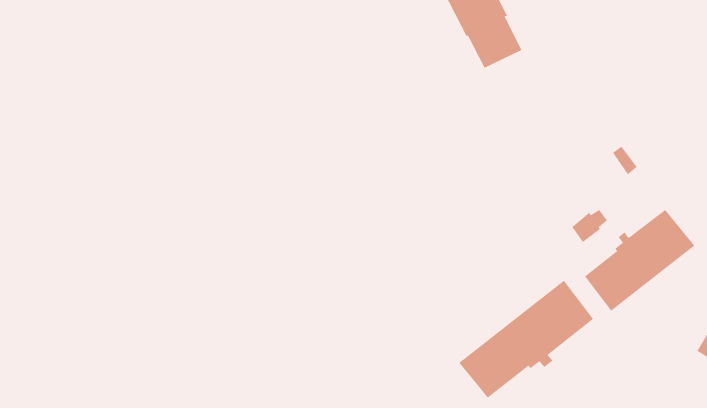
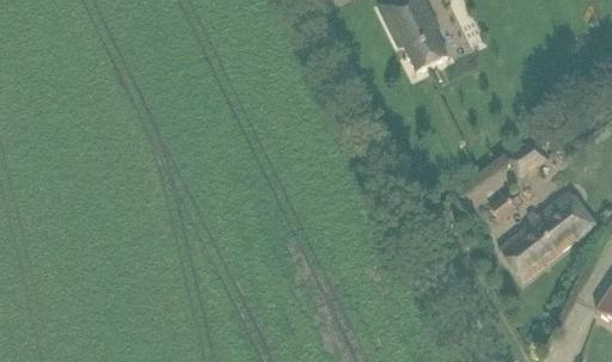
building: [459,280,594,398] -> none

